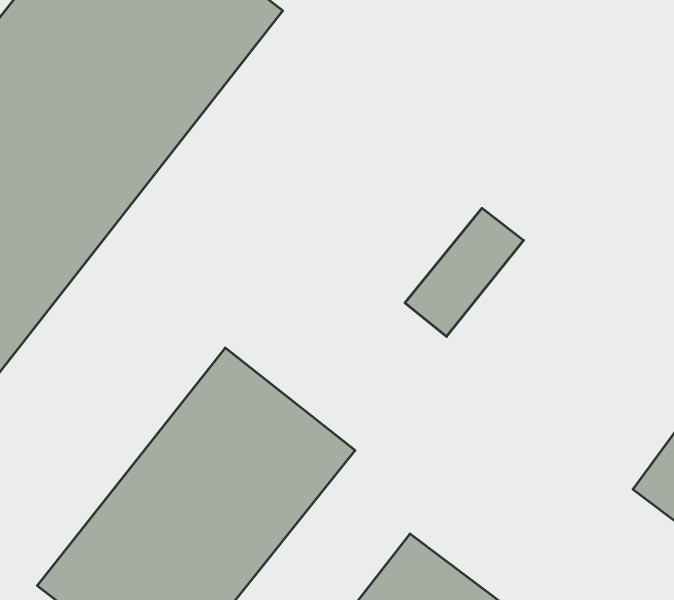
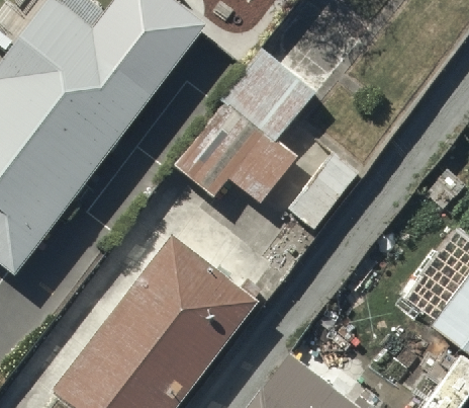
building: none -> [176,51,316,205]

